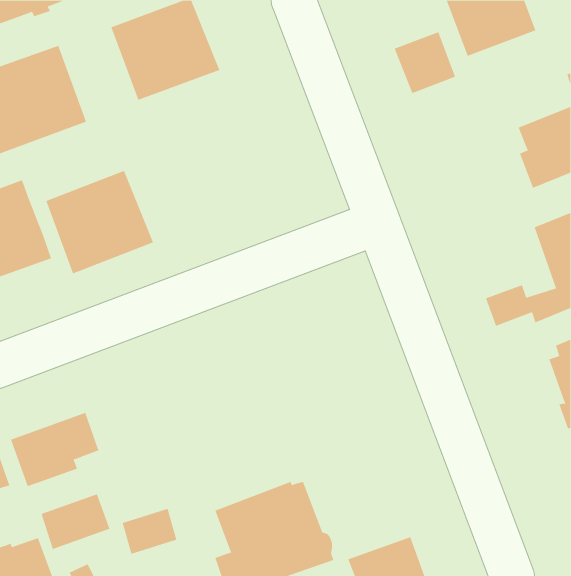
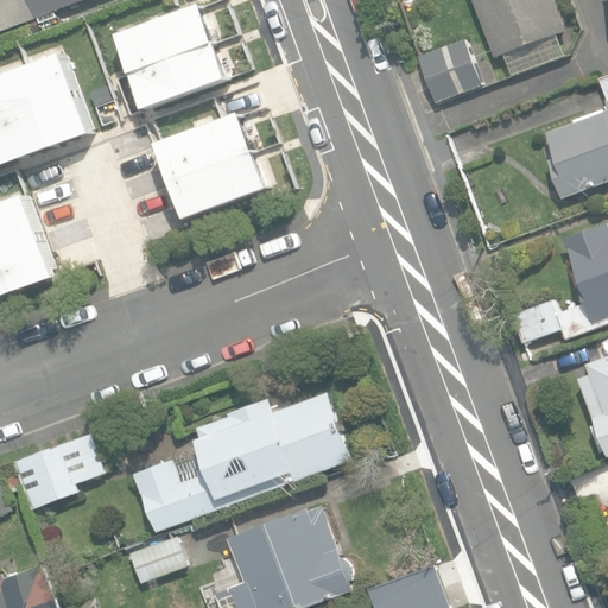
building: [45,170,154,274] -> [157,107,271,216]
building: none -> [134,392,352,532]
building: [41,493,110,550] -> none

